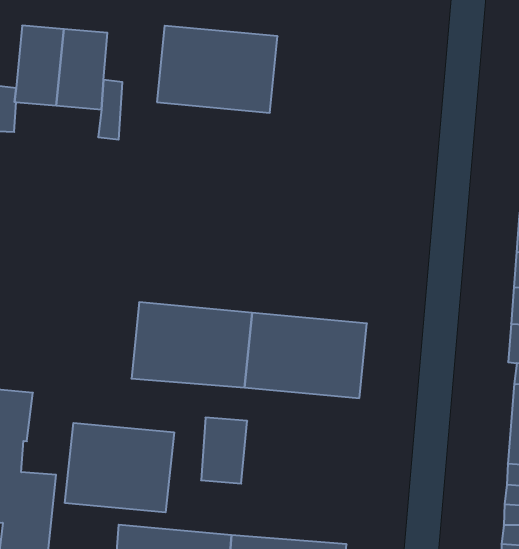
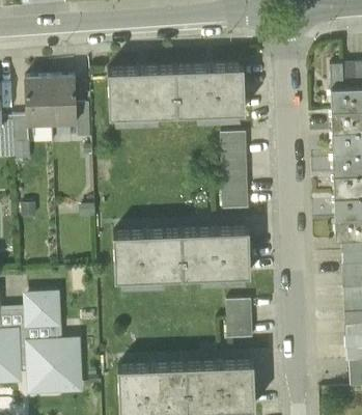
building: none -> [176,64,246,113]
building: none -> [222,132,249,210]
building: [201,418,247,484] -> [227,300,253,338]
building: [65,423,174,512] -> none

